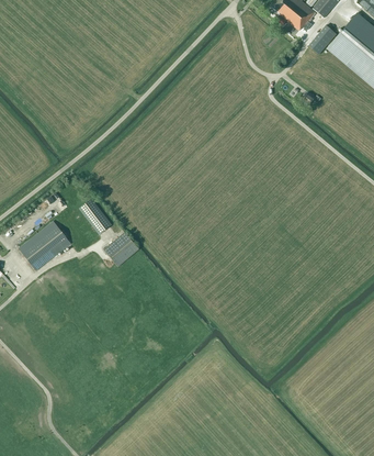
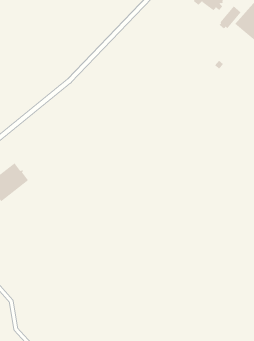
building: [79,198,111,234] -> none
building: [103,232,138,266] -> none

